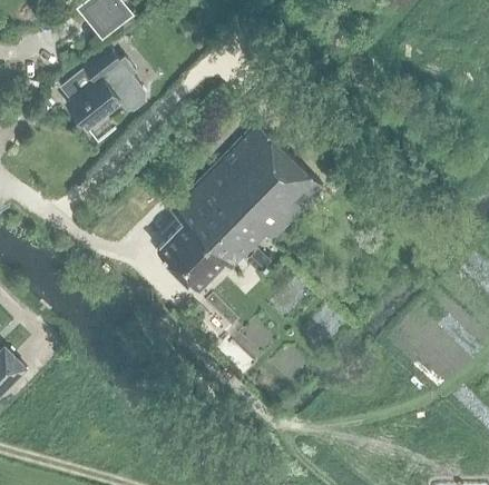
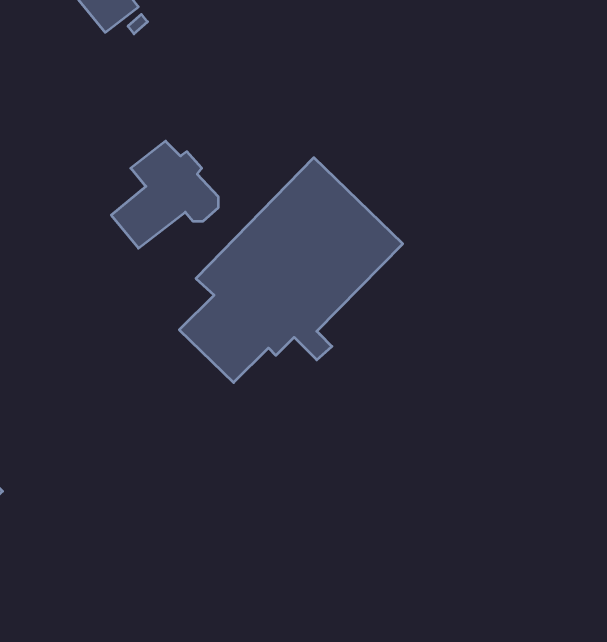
building: [66,51,145,130] -> [111,141,218,248]

